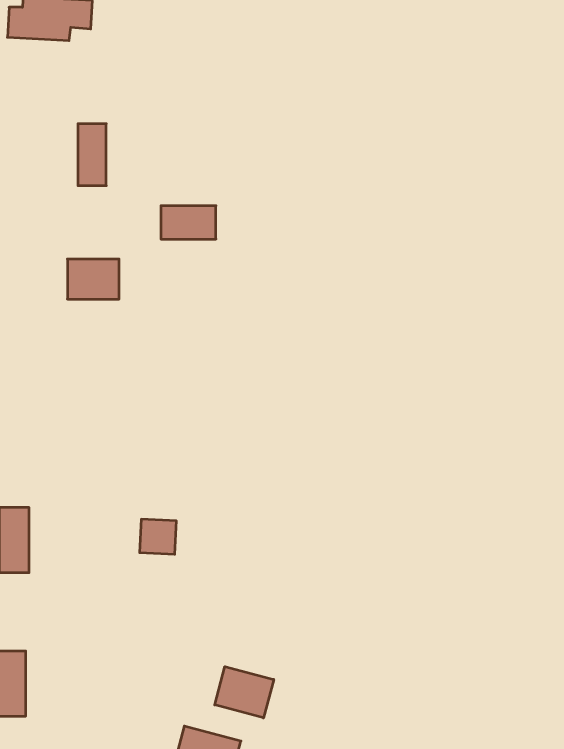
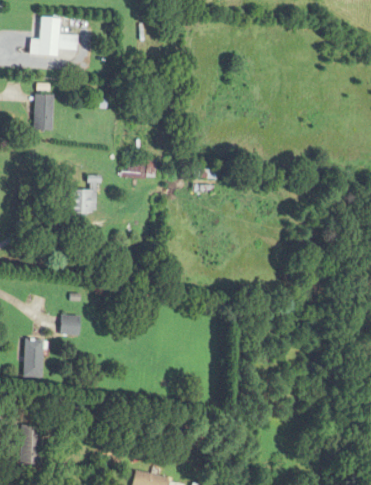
building: [78,124,106,186] -> [35,93,52,130]
building: [140,519,176,554] -> [59,314,81,335]
building: [215,667,274,718] -> none

